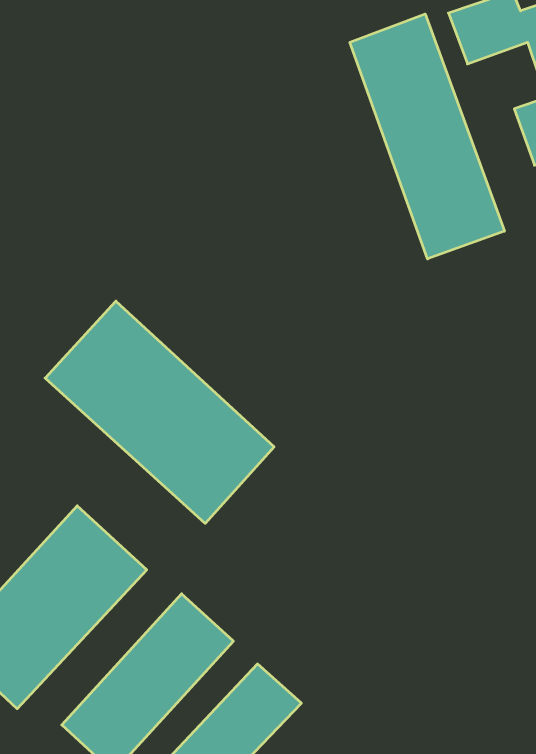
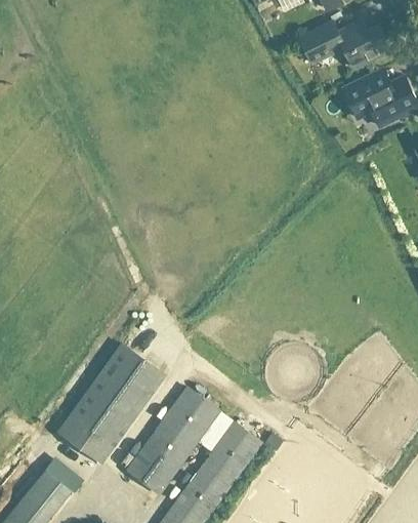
building: [350,14,504,259] -> none
building: [45,301,274,523] -> none

